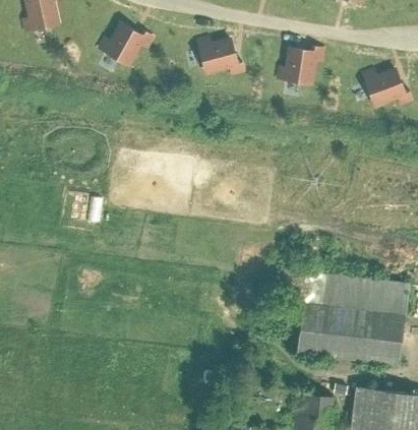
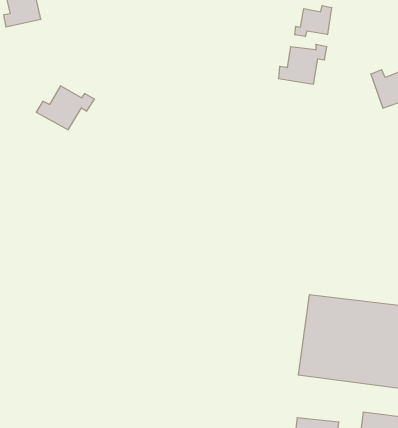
building: none -> [295,6,332,37]
building: [99,23,153,64] -> [36,86,95,130]
building: [197,37,243,73] -> none

